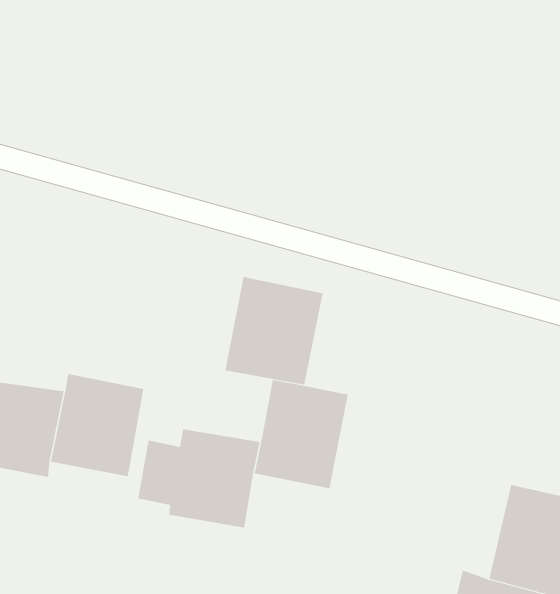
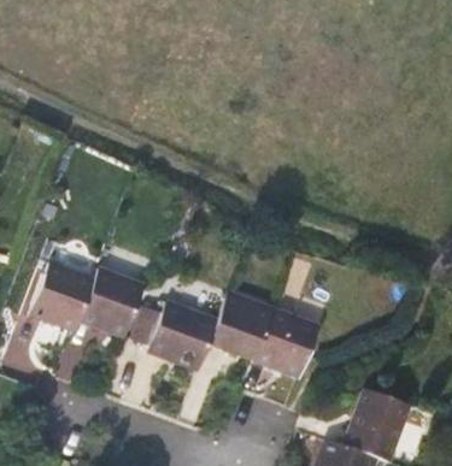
building: [225,276,323,385] -> [248,303,318,378]

